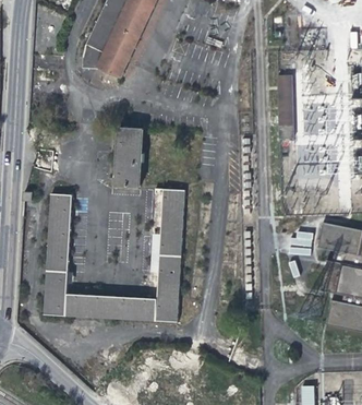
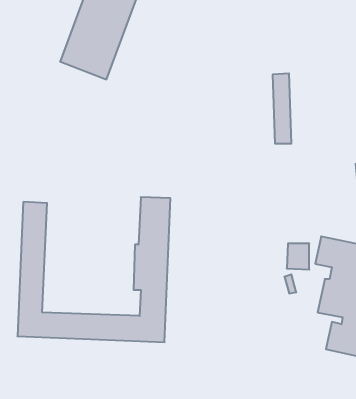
building: [113,127,142,187] -> none

